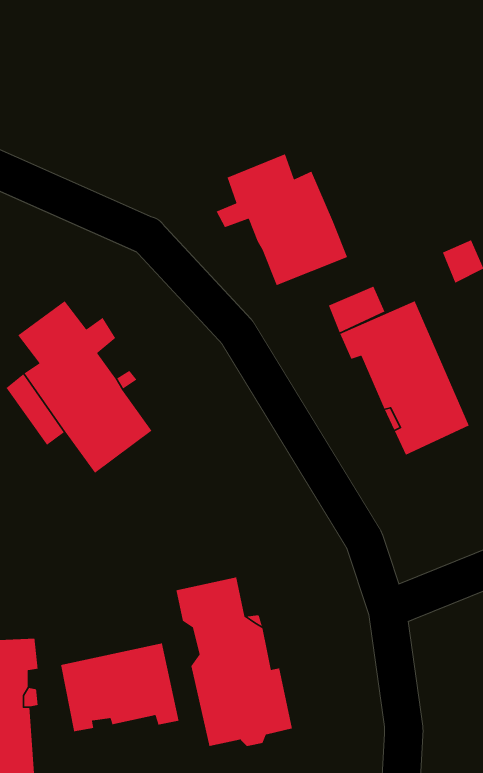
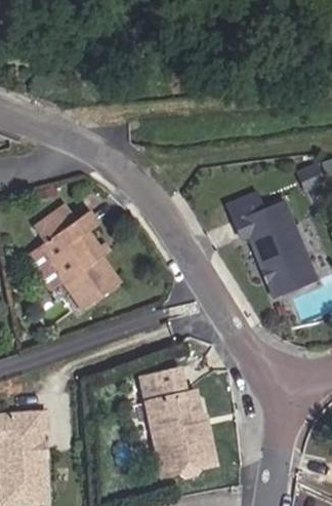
building: [216,153,348,286] -> none
building: [60,642,179,732] -> none

